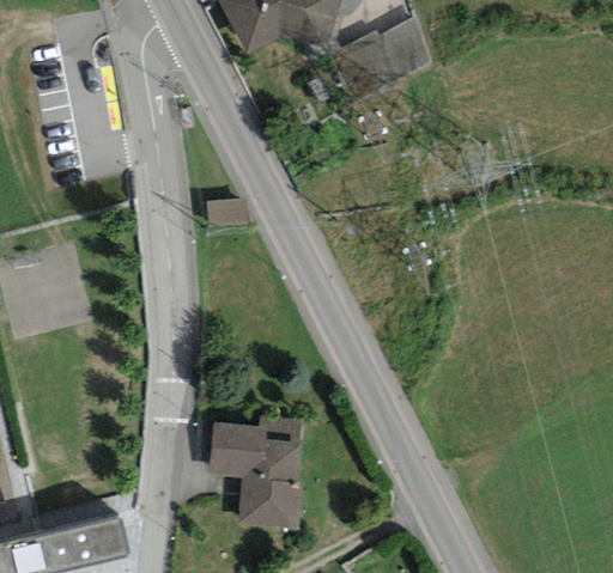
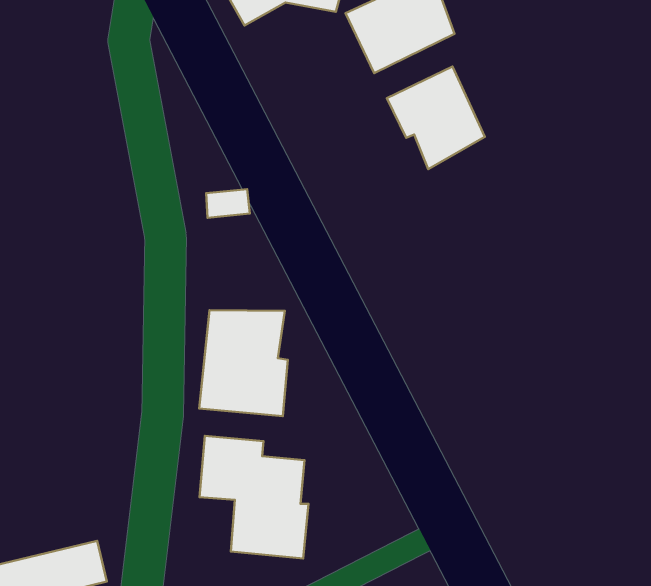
building: none -> [387,67,485,169]
building: none -> [199,310,288,416]

